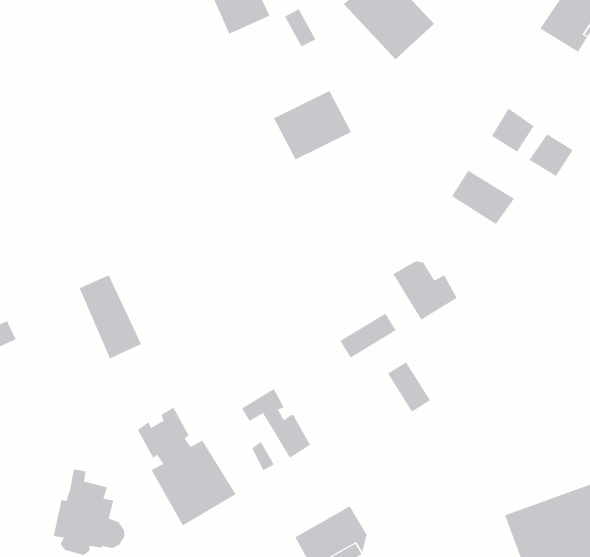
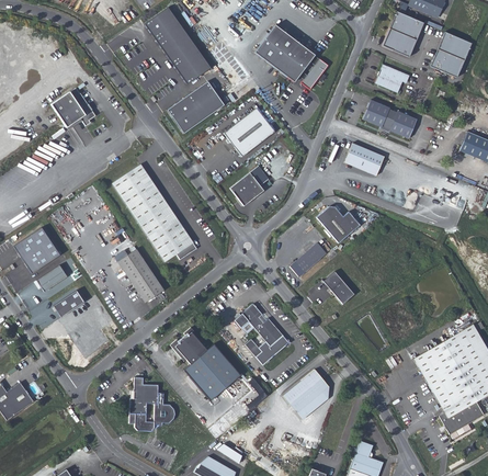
building: none -> [50,89,95,128]
building: none -> [167,82,223,134]
building: none -> [375,65,410,93]
building: none -> [113,165,197,262]
building: none -> [229,166,268,206]

